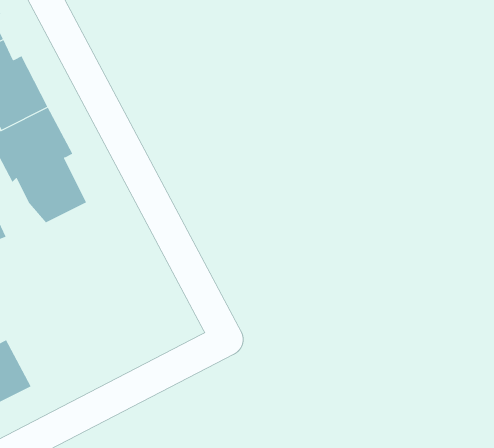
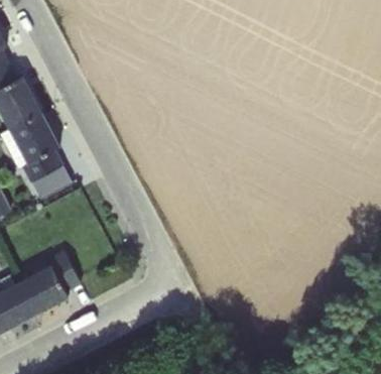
building: none -> [12,251,80,318]

